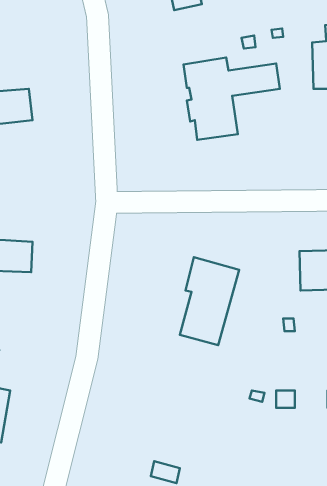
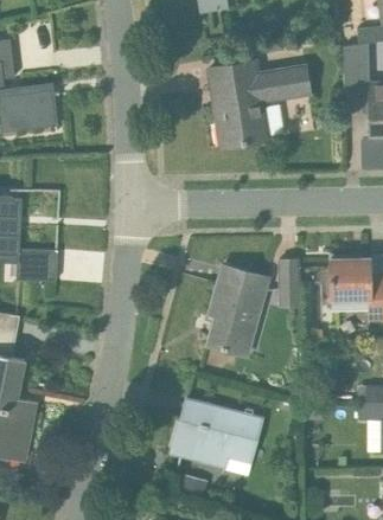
building: none -> [280,259,301,306]
building: none -> [173,398,262,466]

